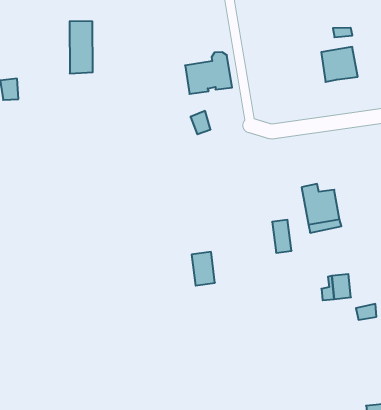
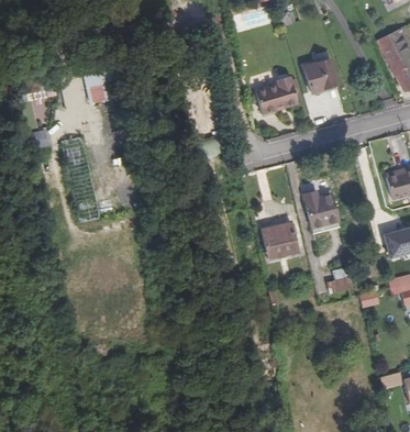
building: [185,52,232,94] -> [254,76,297,115]
building: [192,252,215,286] -> [264,226,287,257]

